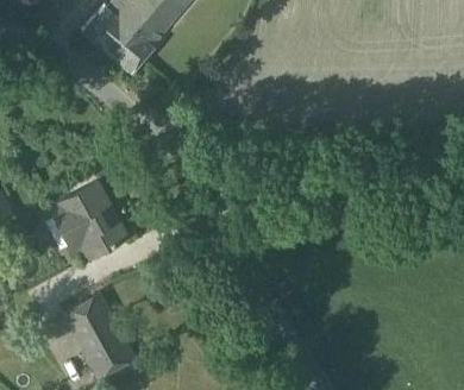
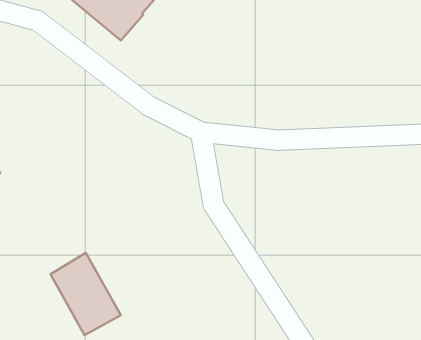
building: [54,184,128,257] -> none

